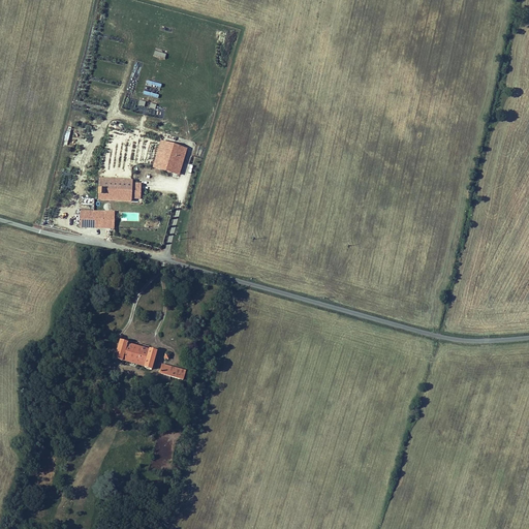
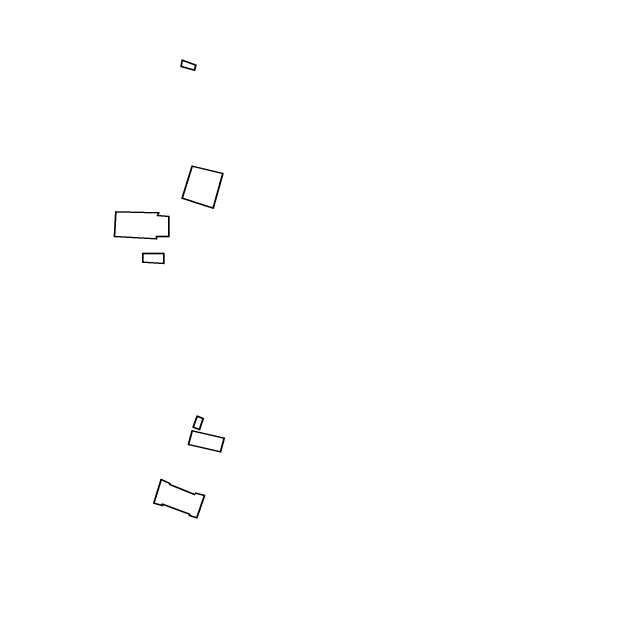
building: [80,209,116,228] -> none
building: [115,337,157,369] -> [154,480,204,518]

